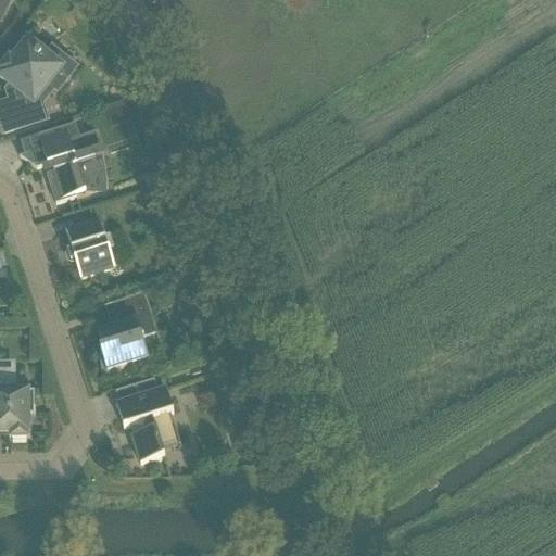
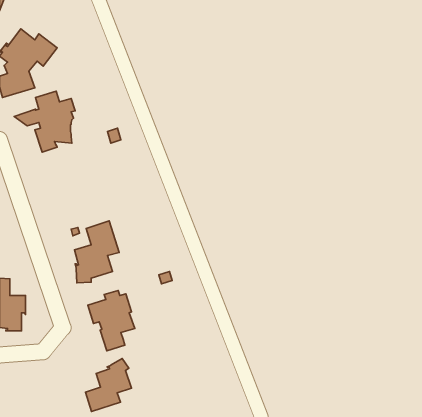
building: [64,216,114,276] -> none
building: none -> [86,358,131,411]

